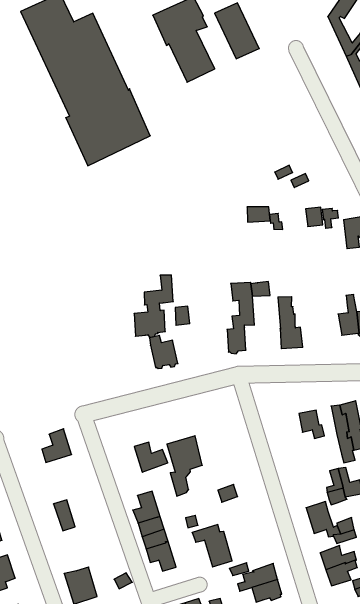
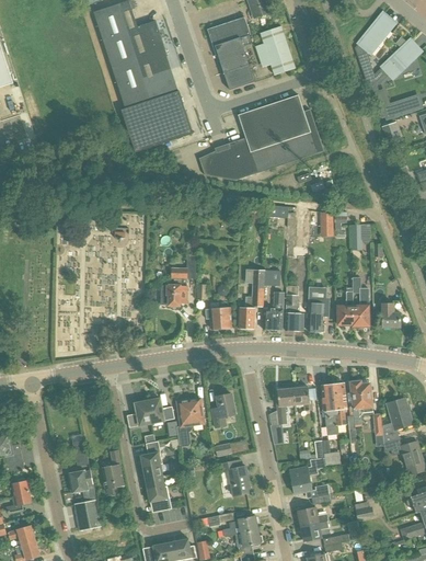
building: none -> [198,94,323,181]
building: none -> [262,291,284,330]
building: none -> [308,297,329,331]
building: [150,335,178,368] -> [209,301,231,330]
building: none -> [268,388,293,425]
building: none -> [211,393,234,427]
building: [42,429,72,462] -> [126,400,151,427]
building: none -> [102,449,123,494]
building: [192,525,232,567] -> [218,459,250,495]
building: none -> [68,470,95,502]

